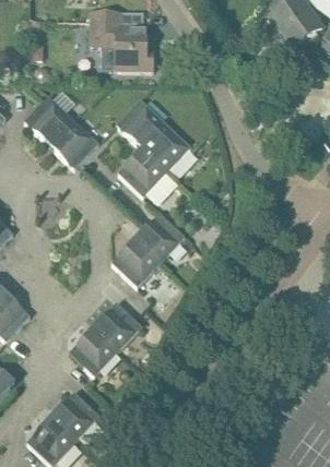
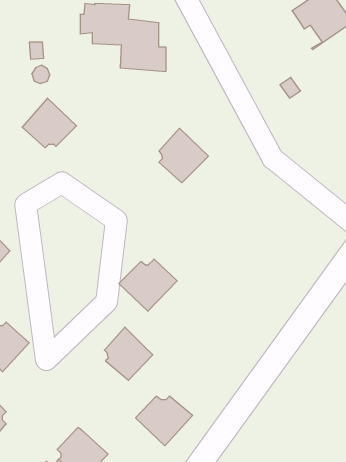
building: [116,99,165,143] -> none
building: [54,120,98,168] -> none
building: [117,153,177,201] -> none
building: [140,212,186,260] -> none
building: [68,332,119,376] -> [136,396,193,446]

